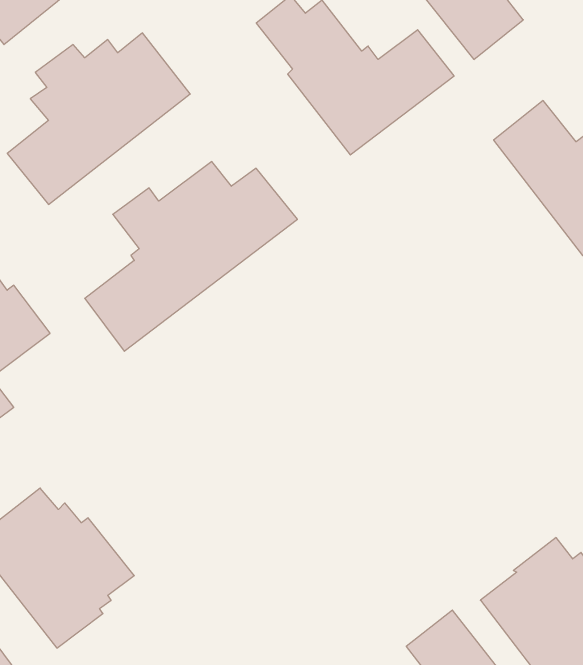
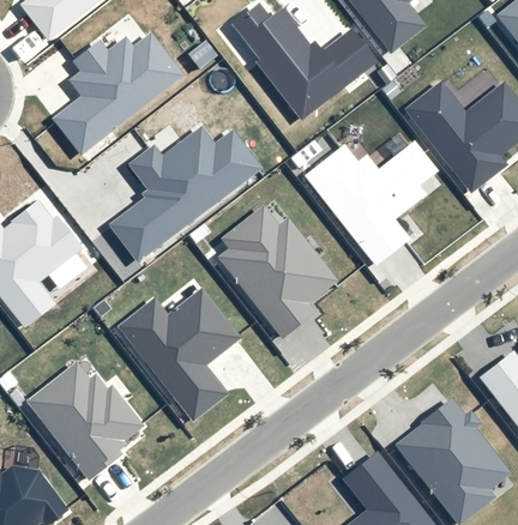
building: none -> [305,140,438,265]
building: none -> [216,205,337,338]
building: none -> [118,288,241,421]

